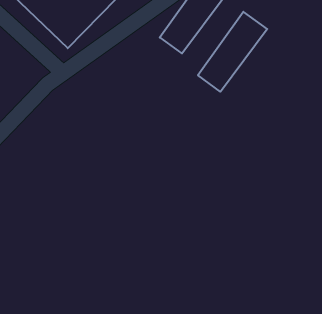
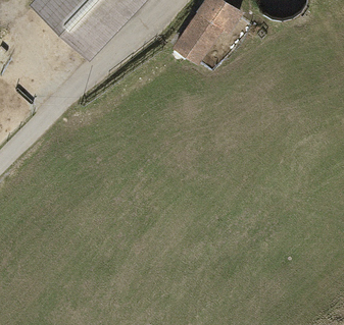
building: [198,12,267,92] -> none

